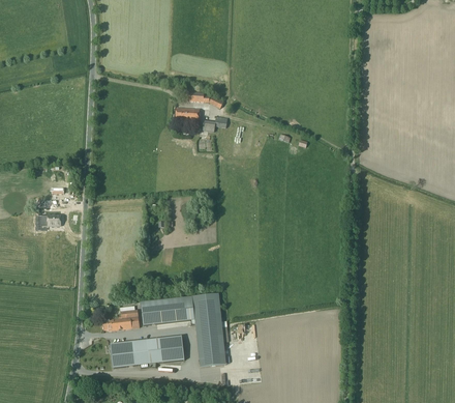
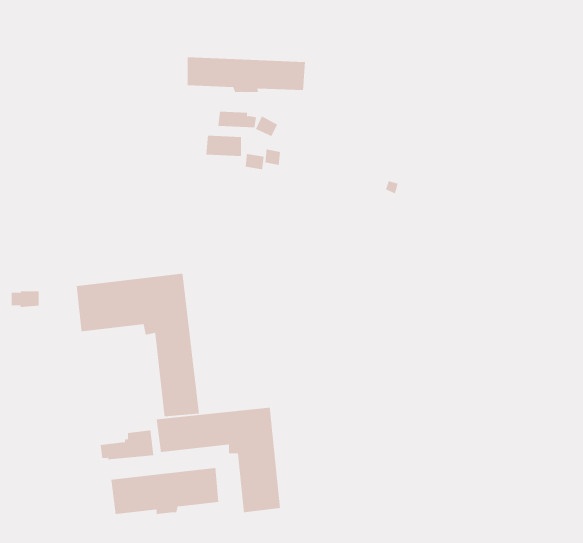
building: none -> [187,57,305,93]
building: none -> [76,273,199,417]

